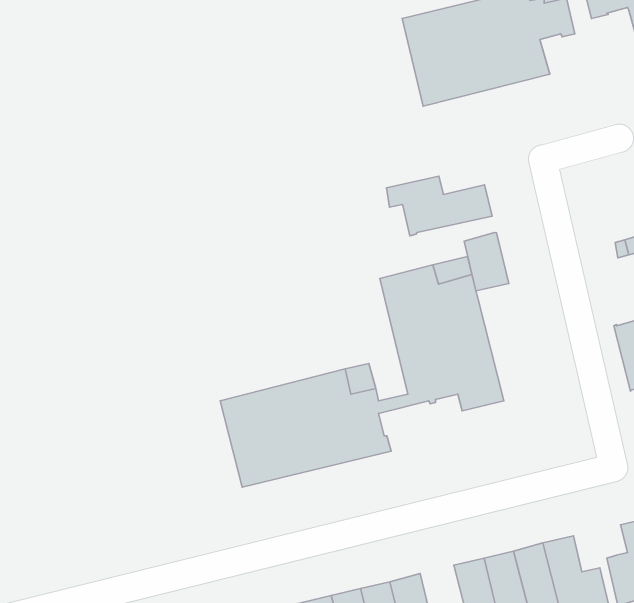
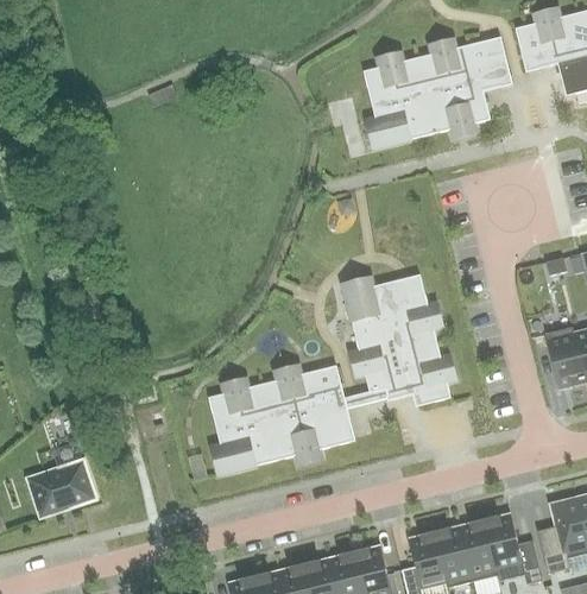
building: [386,176,492,236] -> none
building: [464,232,509,291] -> none
building: none -> [29,461,94,516]

